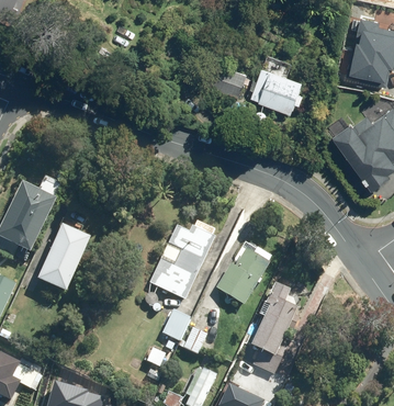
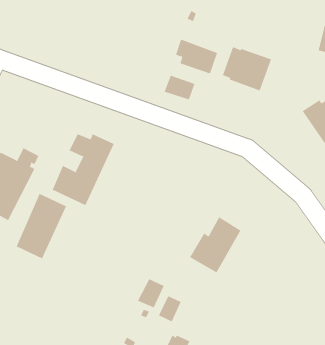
building: none -> [164,75,195,100]
building: [149,224,214,298] -> [52,133,115,206]
building: [251,280,296,372] -> none

